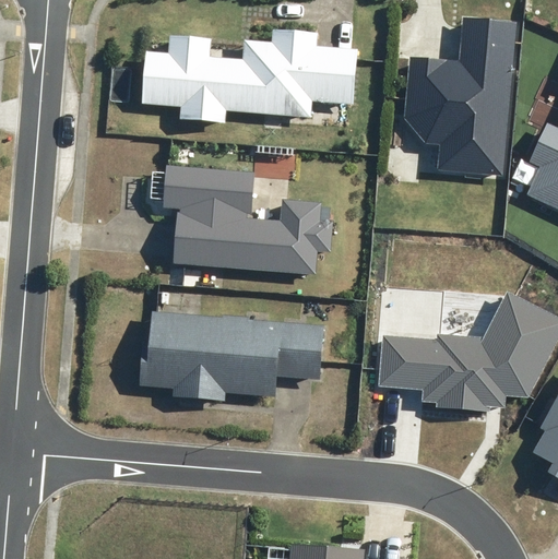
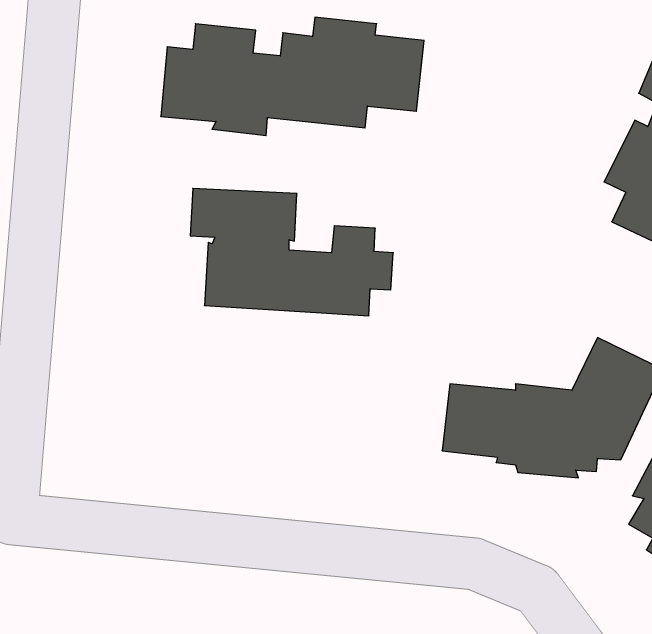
building: [407,23,510,169] -> none
building: [140,310,327,402] -> none

